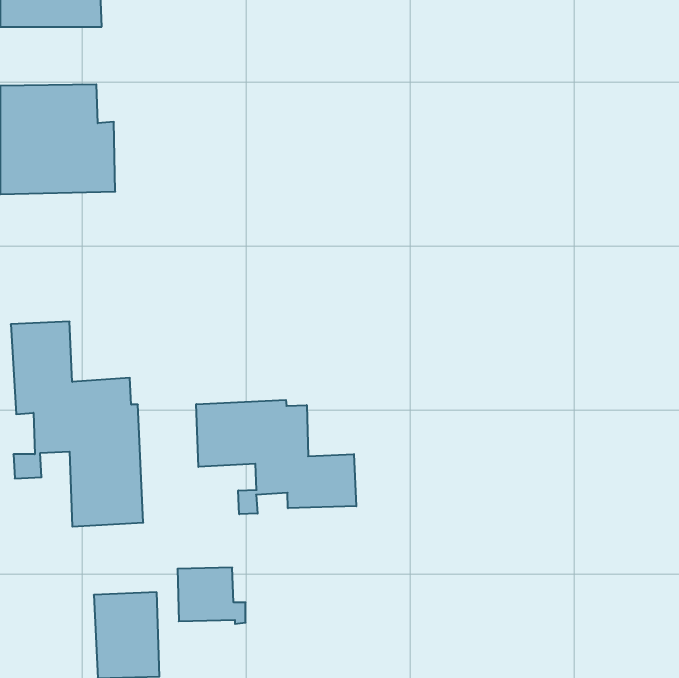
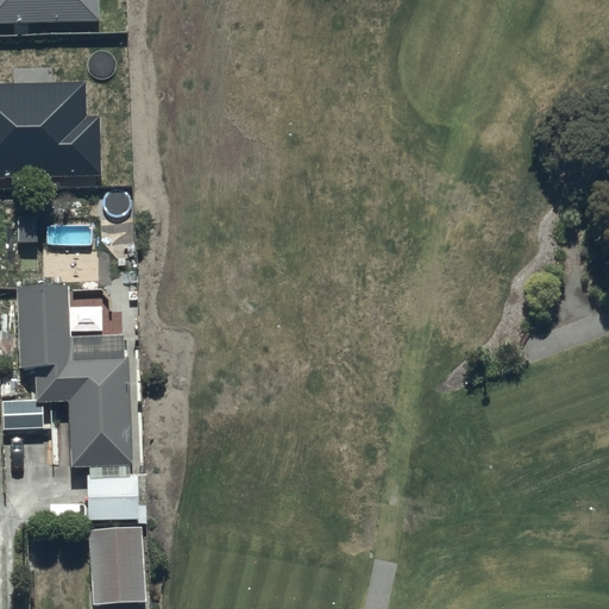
building: [196,400,356,514] -> none
building: [177,568,246,624] -> [86,471,146,521]

